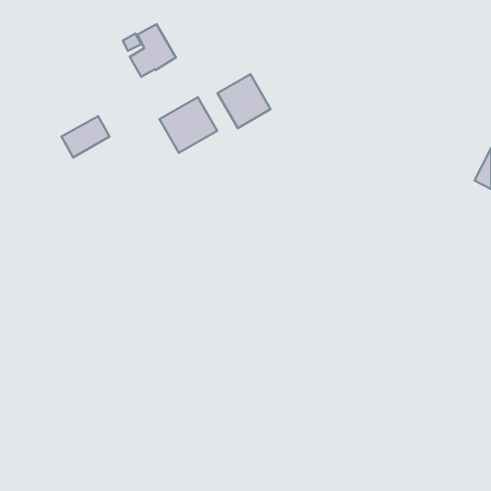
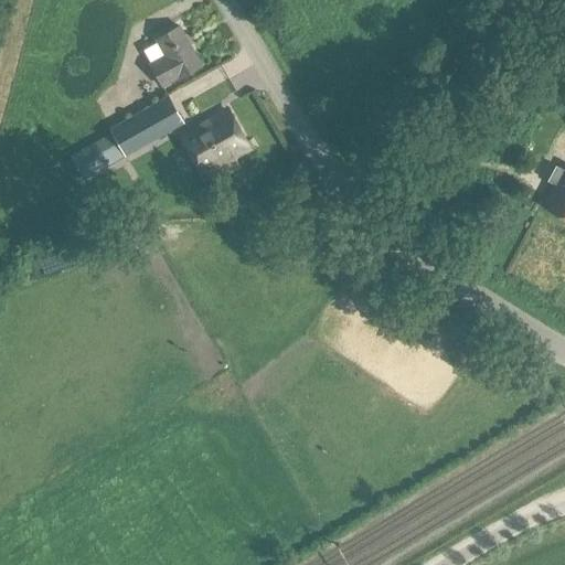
building: [218,74,271,128] -> none
building: none -> [110,96,184,157]

